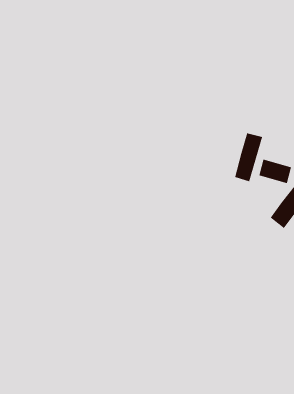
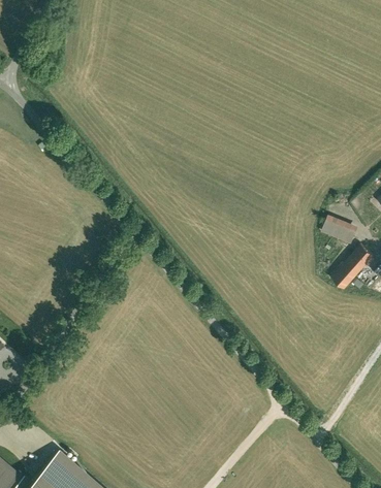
building: [234,133,263,182] -> none

